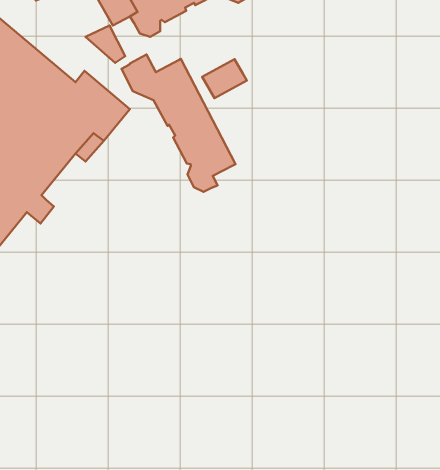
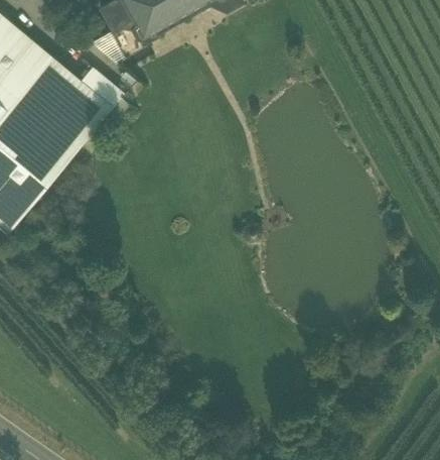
building: [121,54,235,192] -> none
building: [202,59,247,98] -> none

